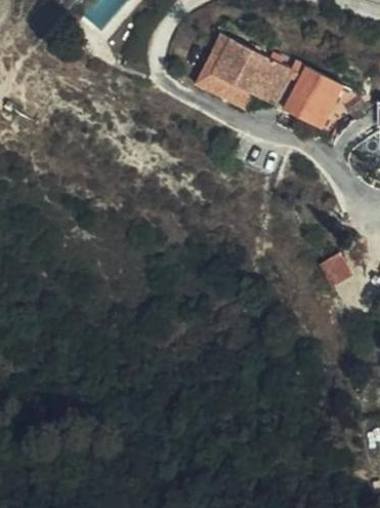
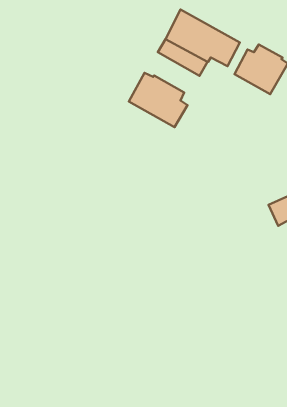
building: none -> [129,73,188,127]

